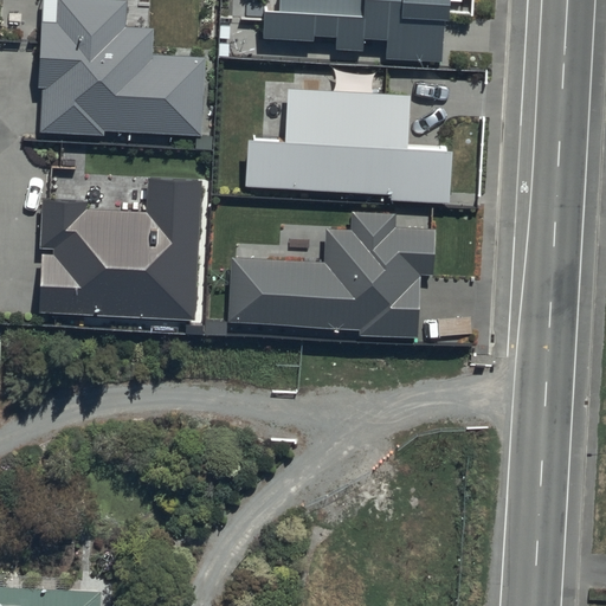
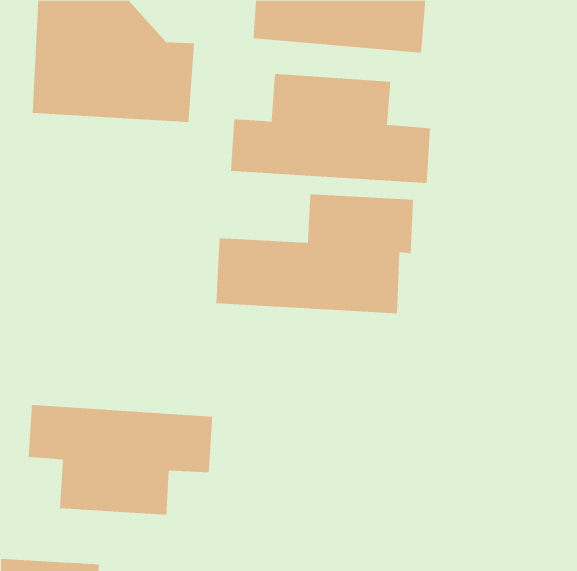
building: [38,172,205,320] -> none
building: none -> [28,404,213,516]

